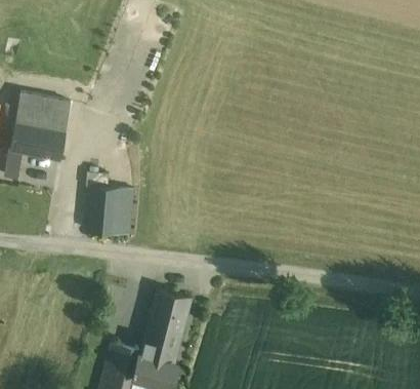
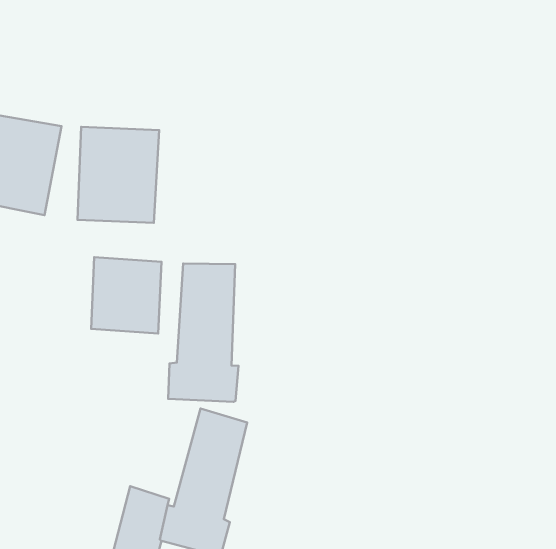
building: none -> [77,127,159,223]
building: none -> [168,264,238,402]

